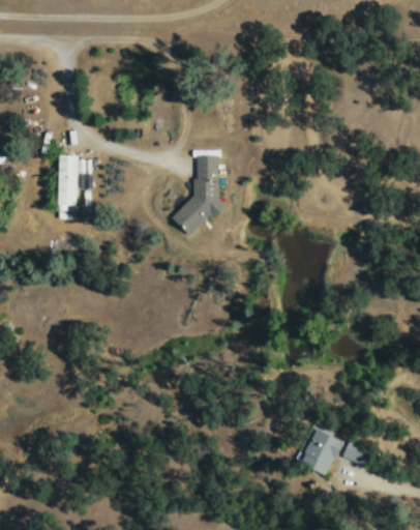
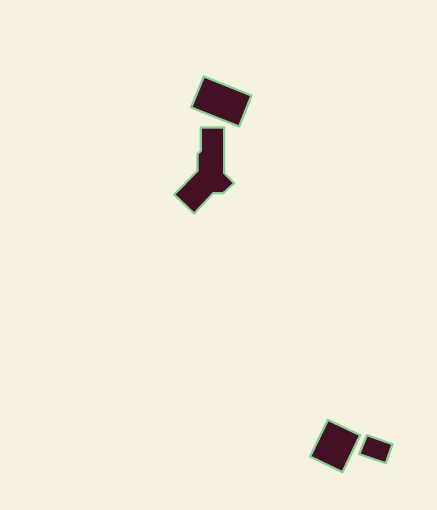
building: none -> [191,76,252,127]
building: [57,153,79,218] -> none

